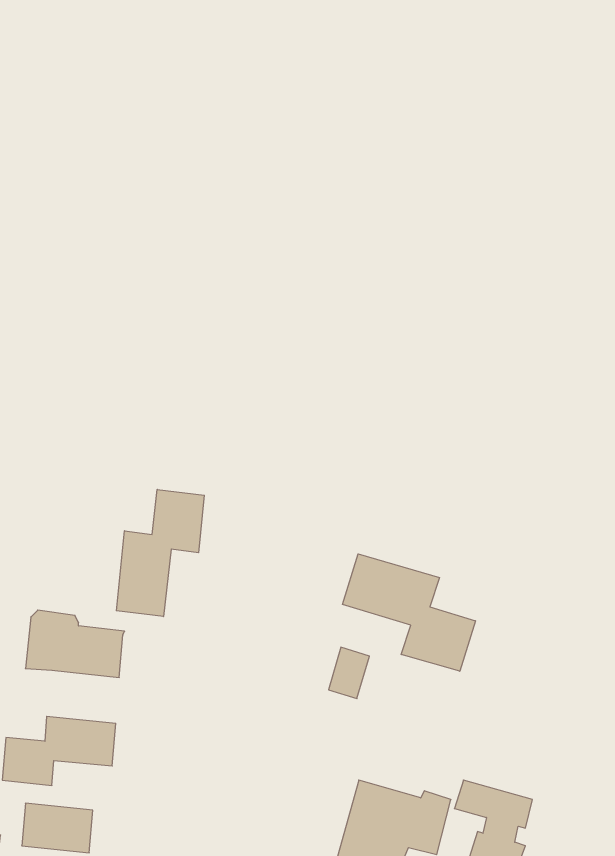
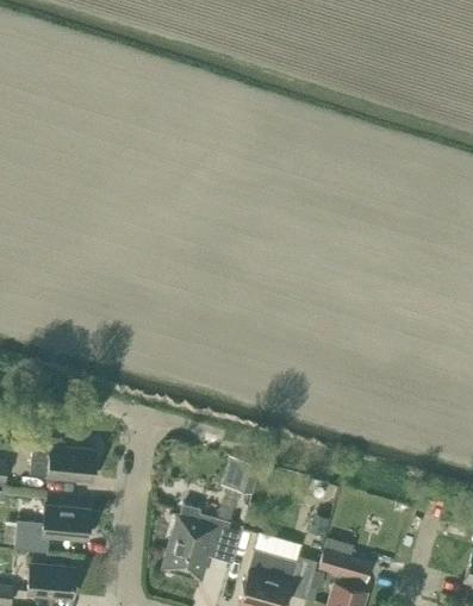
building: [116,489,204,617] -> none
building: [342,554,475,671] -> none
building: none -> [163,504,242,580]

